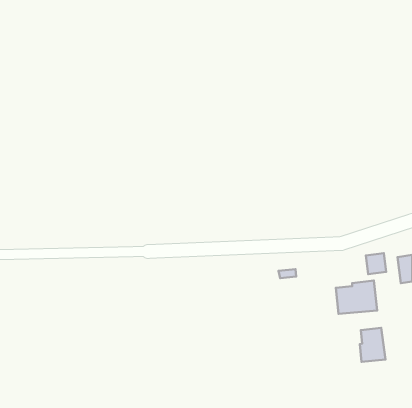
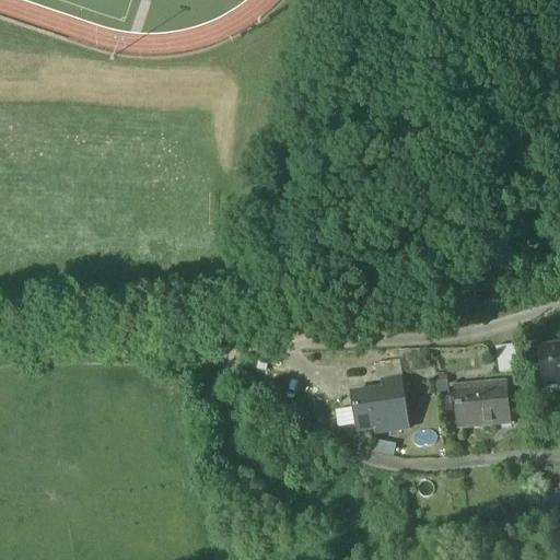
building: none -> [351,376,407,425]
building: [360,328,385,362] -> none

